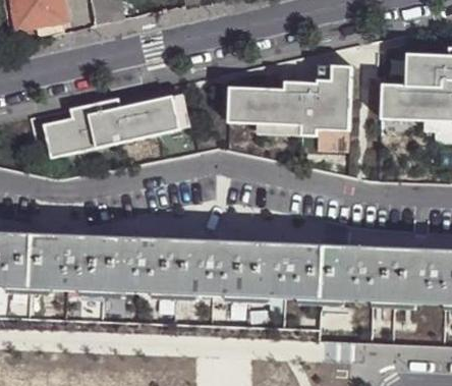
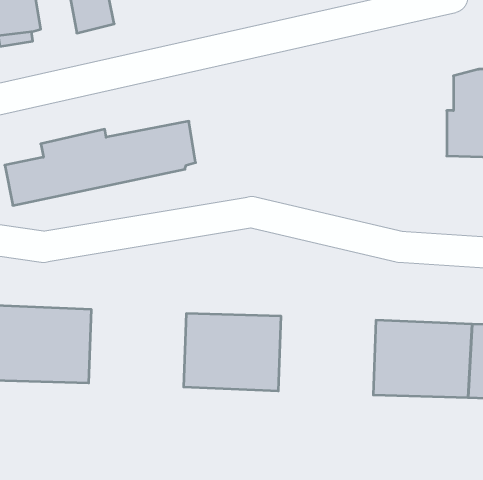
building: [228,63,351,135] -> none
building: [107,236,181,295] -> none
building: [251,241,326,301] -> none

